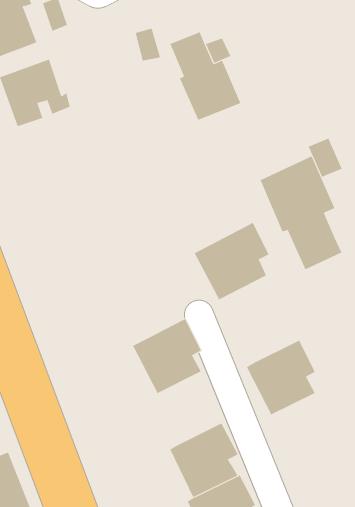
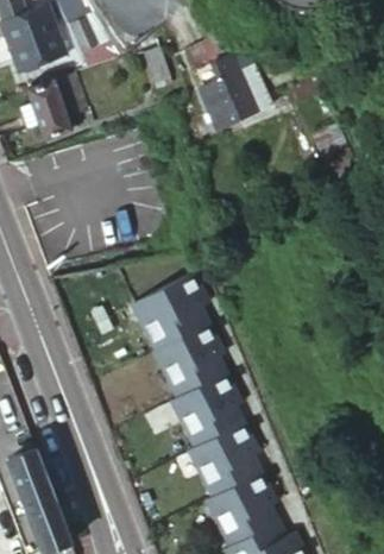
building: [260,155,342,270] -> none
building: [194,222,269,300] -> [132,270,204,345]
building: [246,340,315,415] -> [171,370,238,442]

